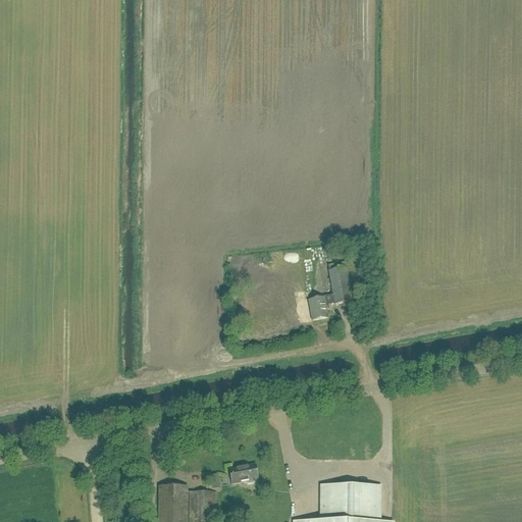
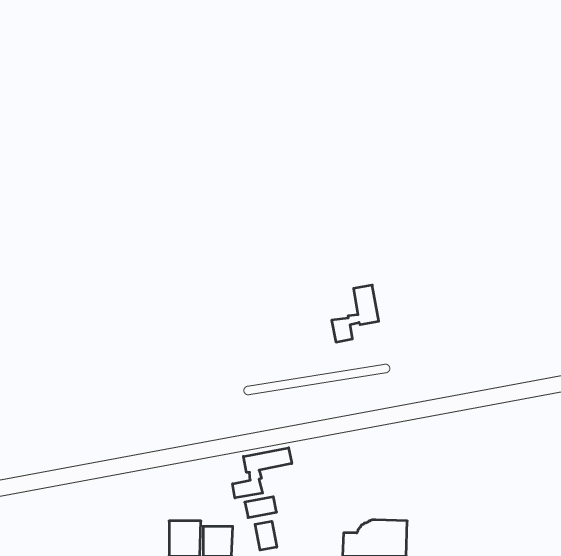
building: none -> [233,448,292,498]
building: none -> [255,521,277,550]

